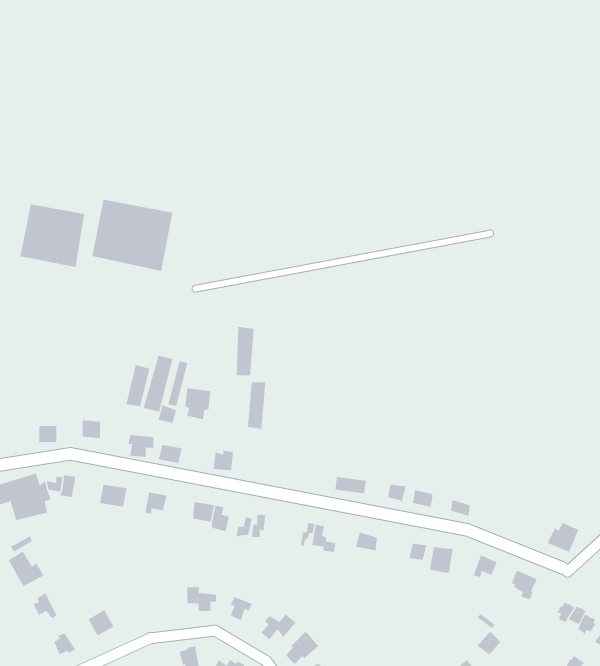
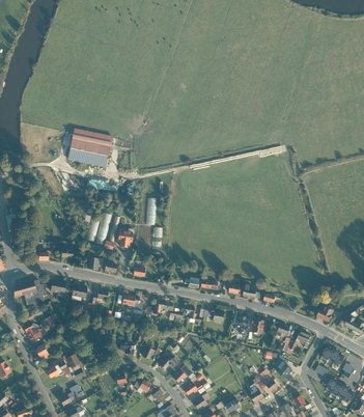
building: [20,203,85,268] -> none

